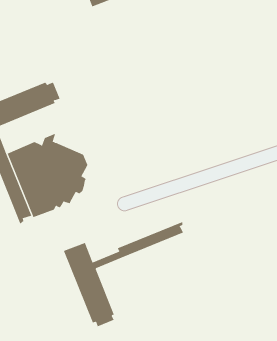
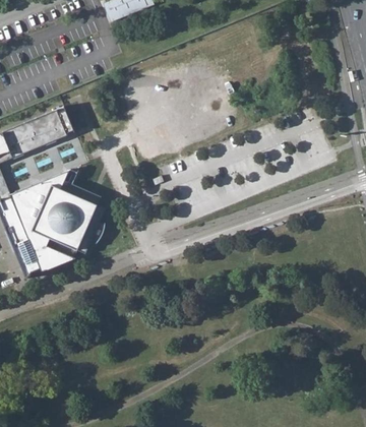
building: [63,221,184,327] -> none

